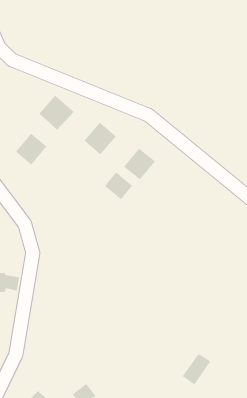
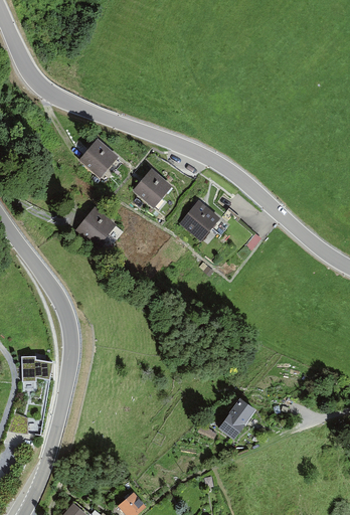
building: [15,133,47,165] -> [76,209,116,249]
building: [104,172,133,200] -> none
building: [182,353,211,385] -> [219,400,255,440]

